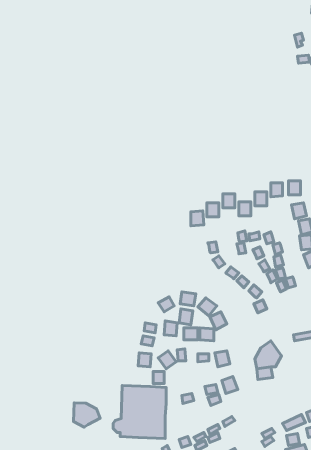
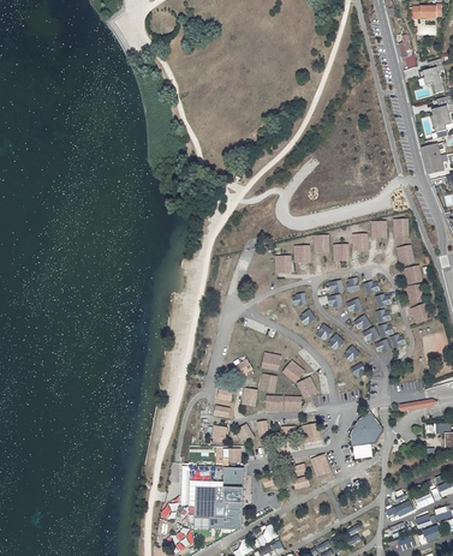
building: [74,403,100,427] -> none

